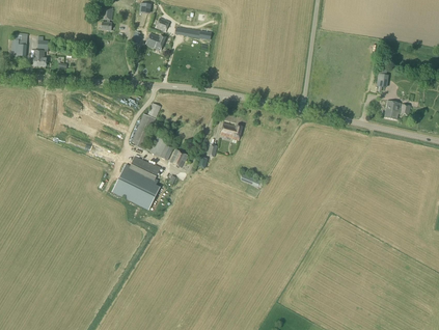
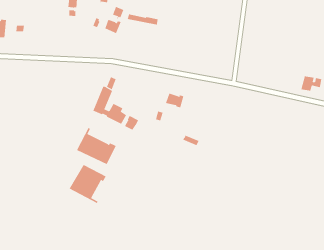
building: [126,156,160,184] -> none
building: none -> [69,164,106,204]

